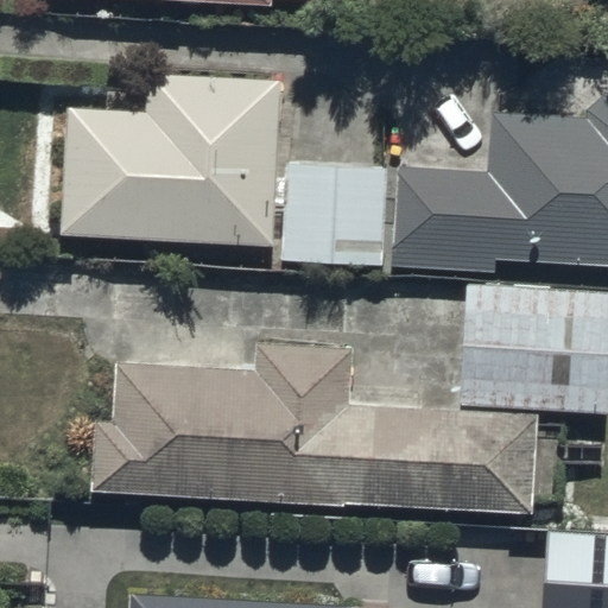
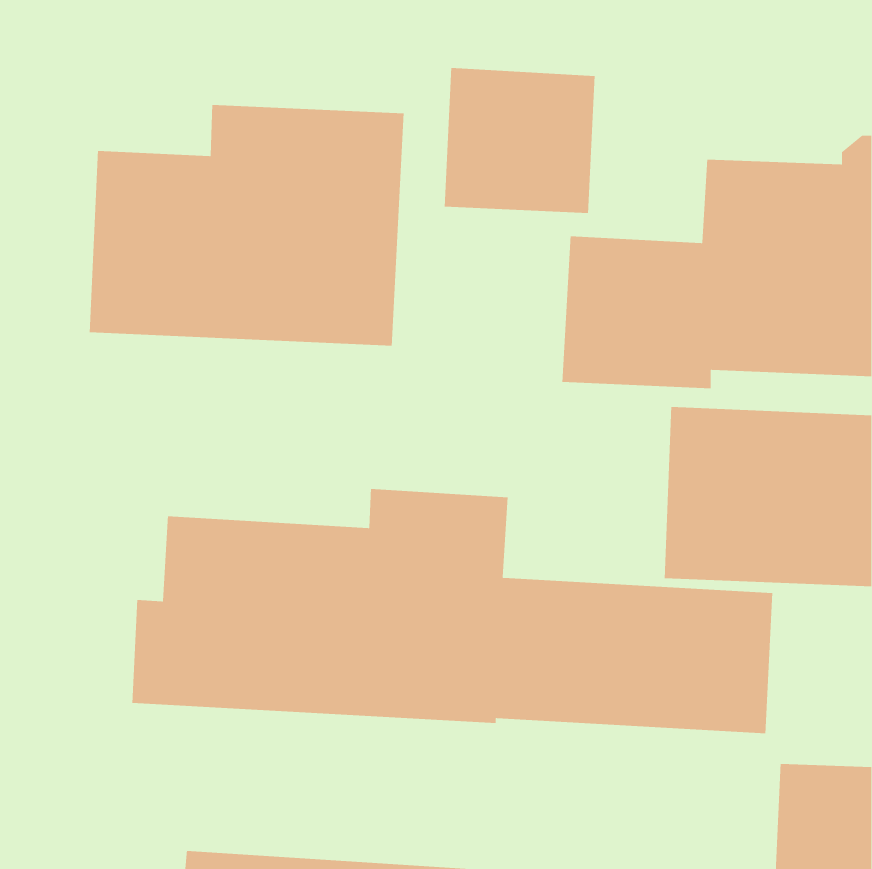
building: [281,163,387,265] -> [444,67,596,214]

